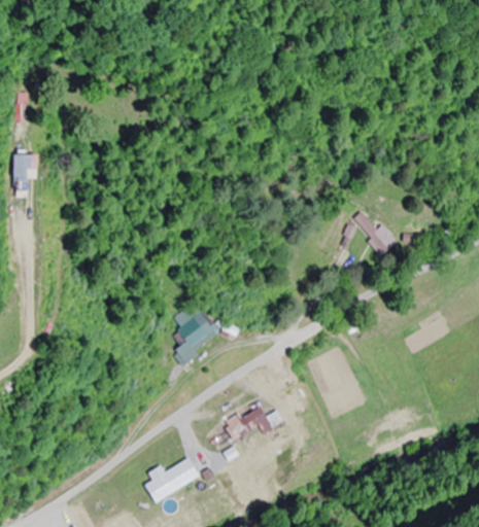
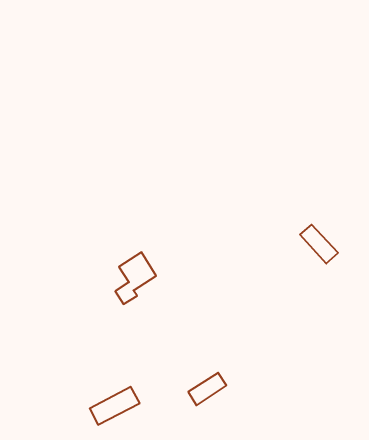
building: [351,210,395,254] -> [300,225,338,264]
building: [225,406,268,443] -> [188,373,226,405]

